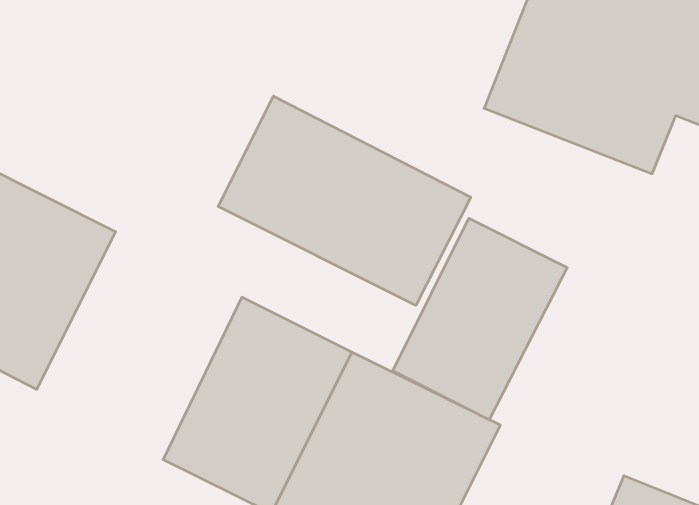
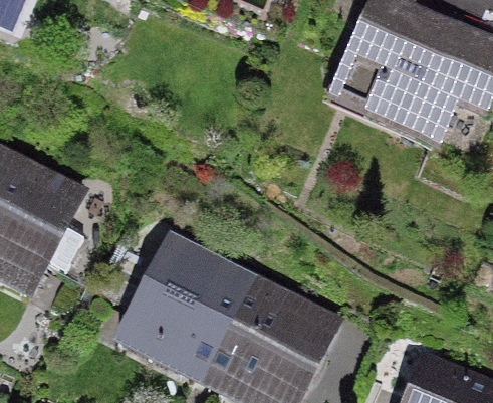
building: [218,96,471,305] -> none
building: [393,218,567,420] -> none

